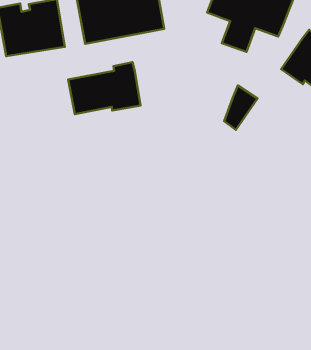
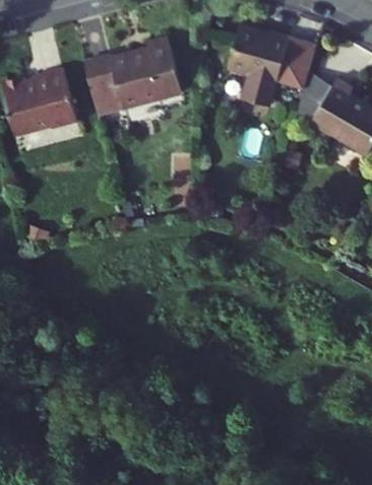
building: [68,62,140,114] -> none
building: [224,86,257,130] -> [296,76,329,124]

